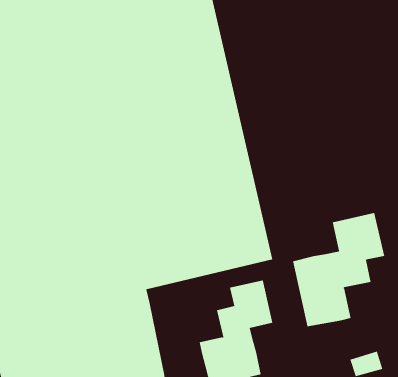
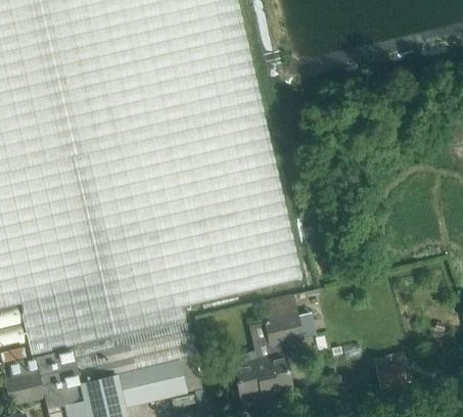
building: [293,212,385,327] -> none

